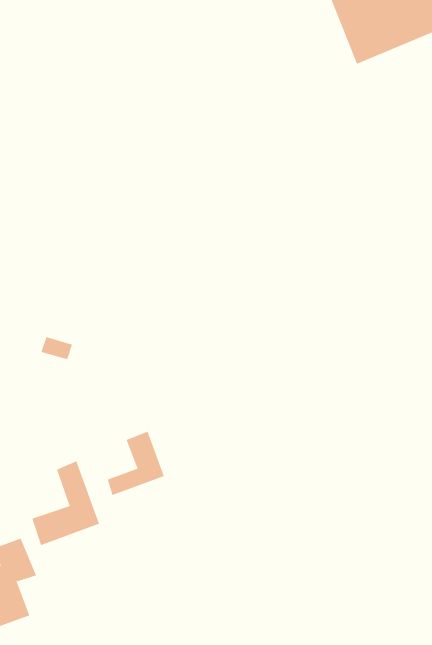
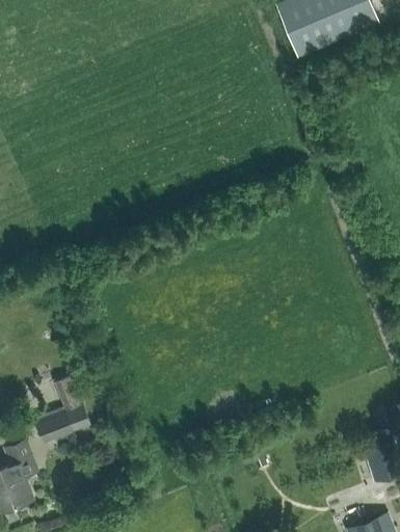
building: [107,431,165,496] -> none

